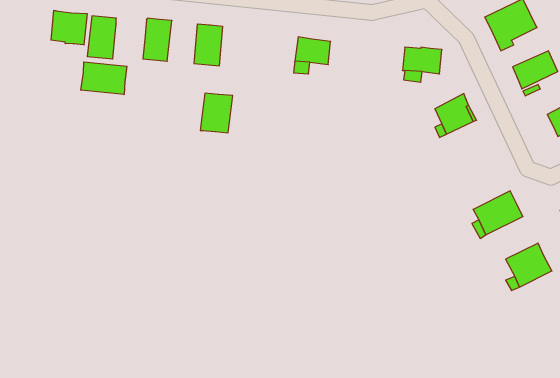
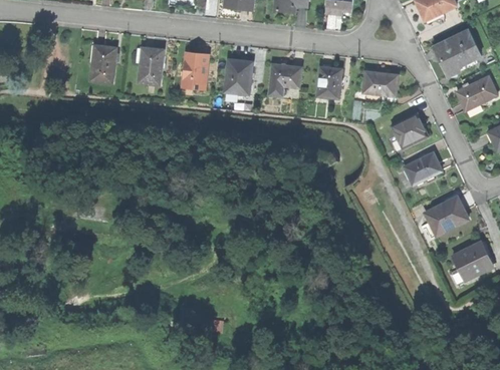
building: [51,10,87,45] -> none
building: none -> [316,67,341,99]
building: [81,62,127,95] -> none
building: [200,93,233,133] -> [224,60,252,94]
building: none -> [403,153,441,186]

